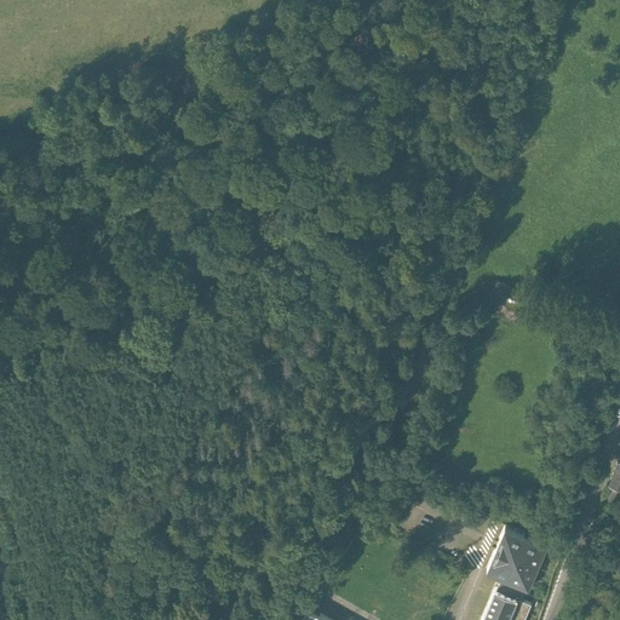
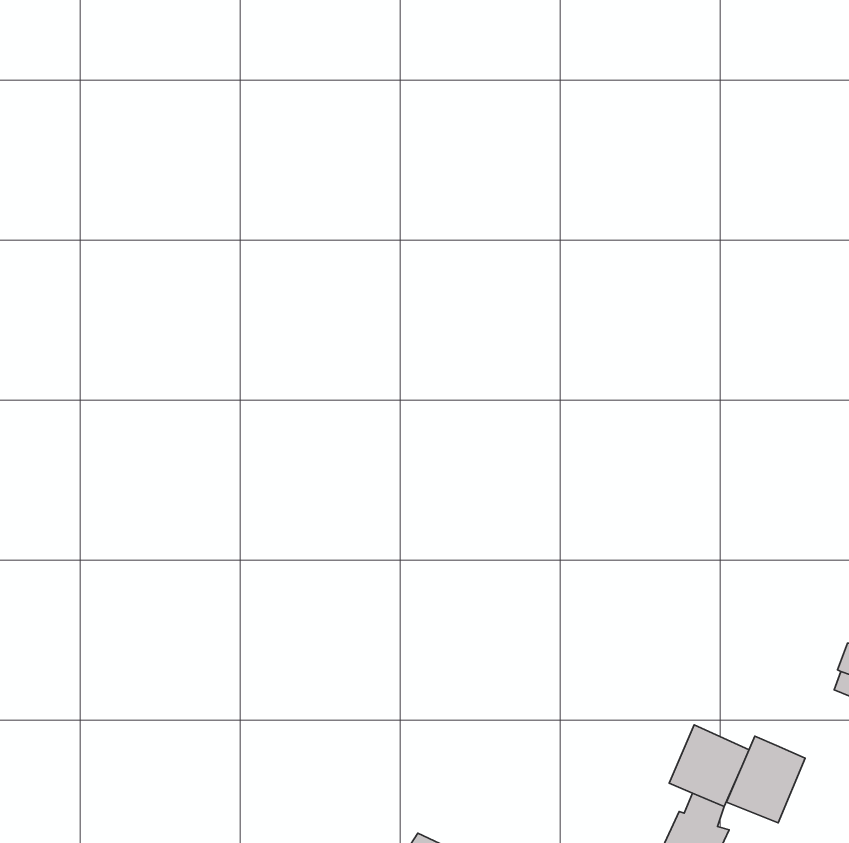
building: none -> [727,736,805,823]

